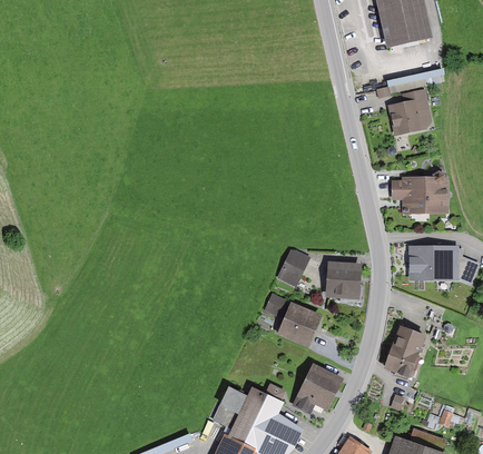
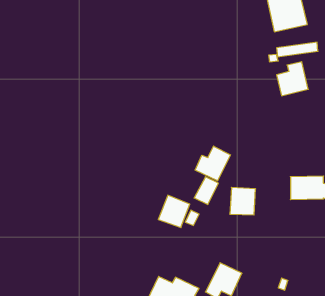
building: [395,176,446,214] -> none
building: none -> [195,146,230,181]
building: [277,302,321,346] -> [158,195,190,228]
building: [383,325,426,378] -> none

